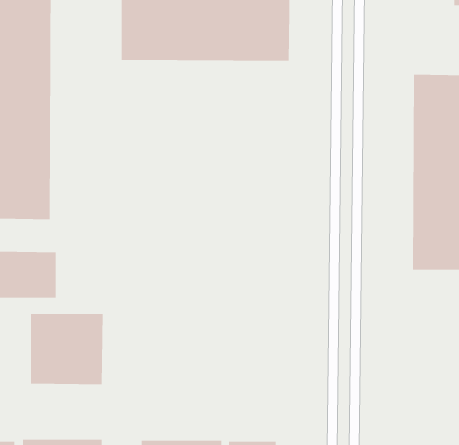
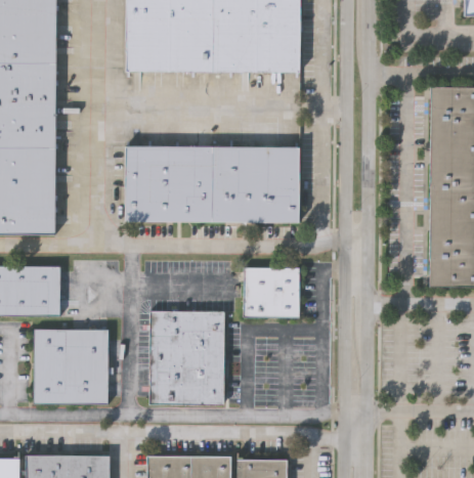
building: none -> [123,145,298,221]
building: none -> [246,266,300,315]
building: none -> [150,310,224,403]

